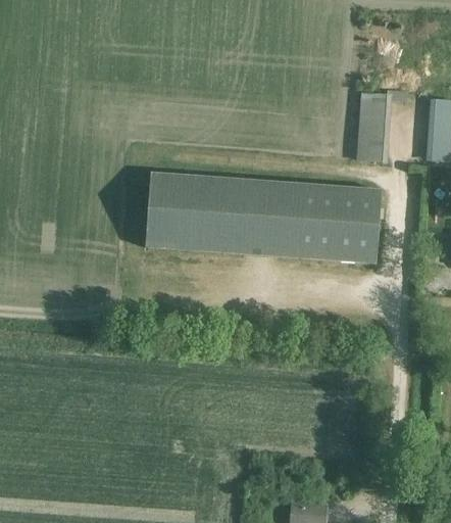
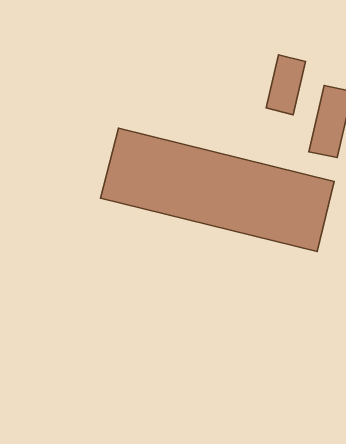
building: none -> [266,55,305,115]

